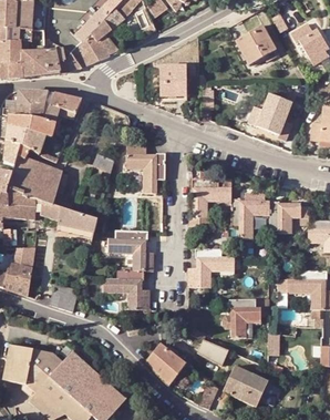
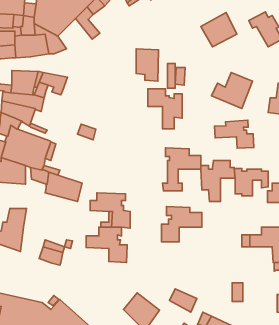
building: [71,33,110,68] -> none
building: [127,146,166,192] -> [148,89,182,129]
building: none -> [215,120,254,148]
building: [221,299,259,337] -> none

